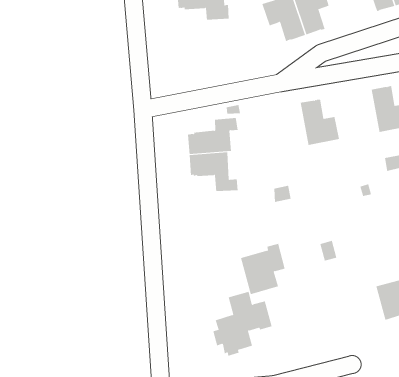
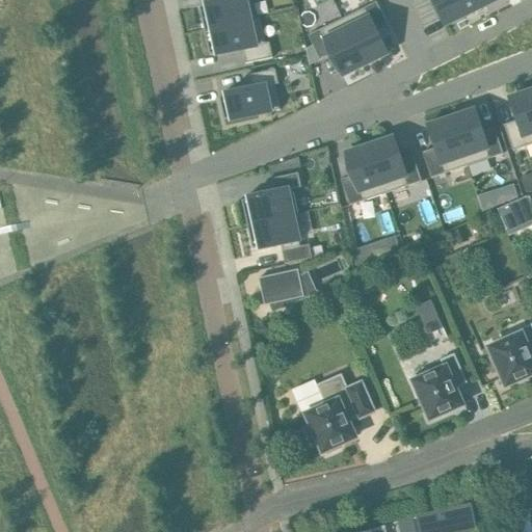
building: none -> [219,68,280,119]
building: none -> [422,116,467,177]
building: none -> [341,143,385,205]
building: none -> [259,268,303,311]
building: [240,243,286,295] -> [411,352,467,418]

